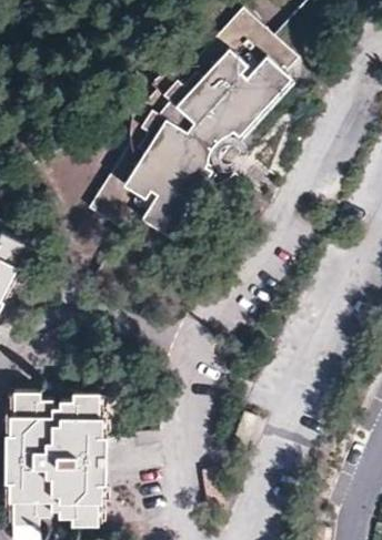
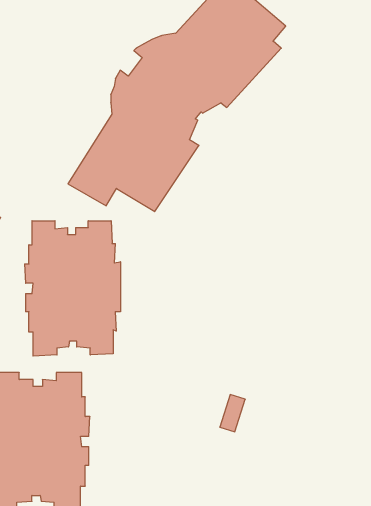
building: none -> [25,221,120,356]

